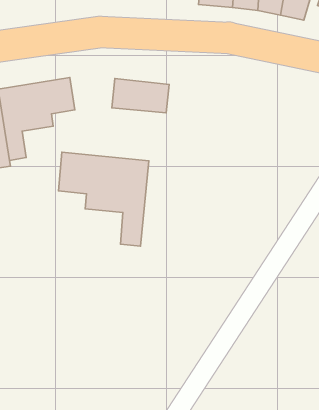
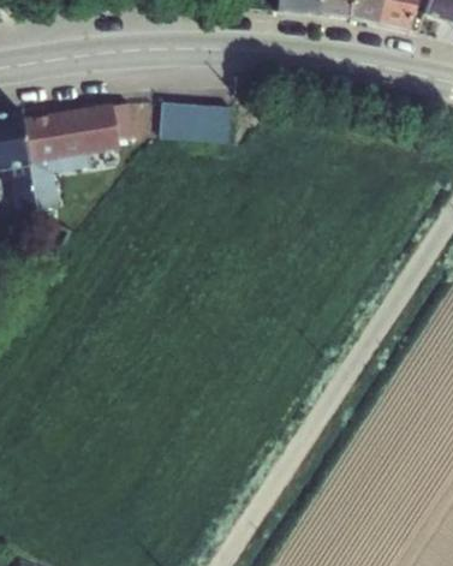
building: [58,152,149,246] -> none

